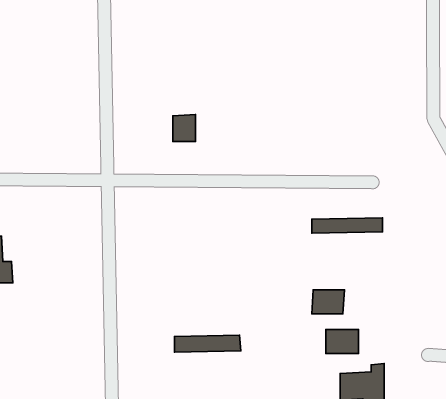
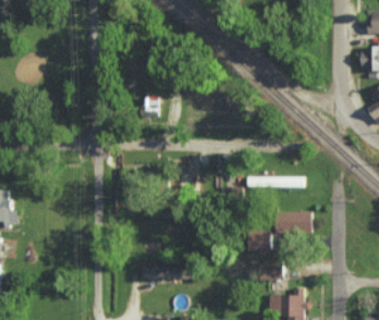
building: none -> [278,210,310,232]

